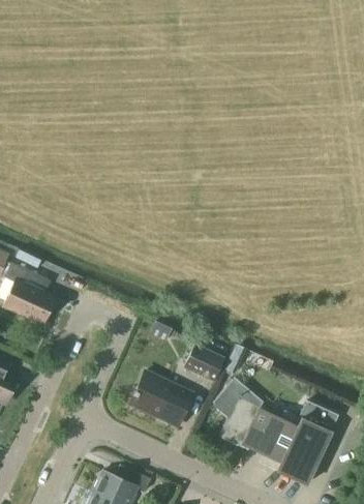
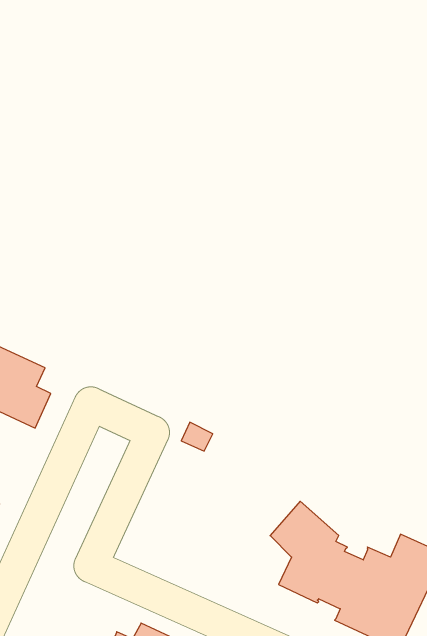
building: [182,344,224,383] -> none
building: [130,373,192,427] -> none

